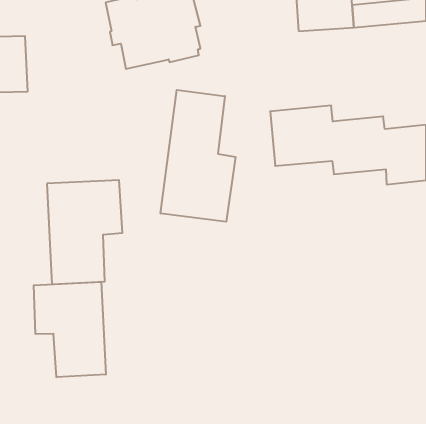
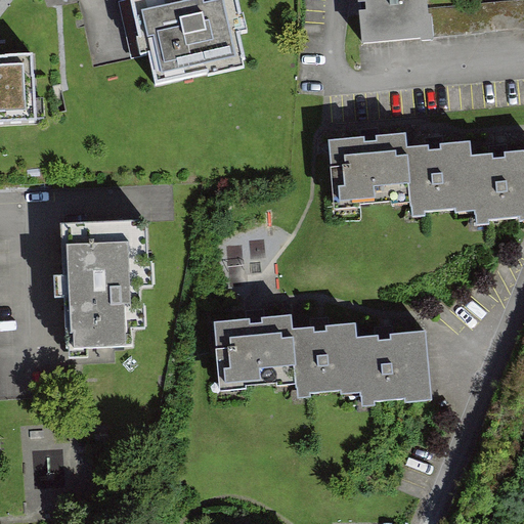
building: [161,90,235,222] -> none
building: none -> [212,311,432,407]
building: [34,282,106,377] -> none

